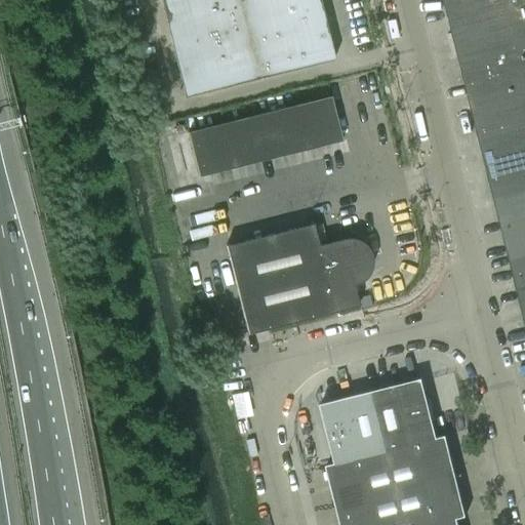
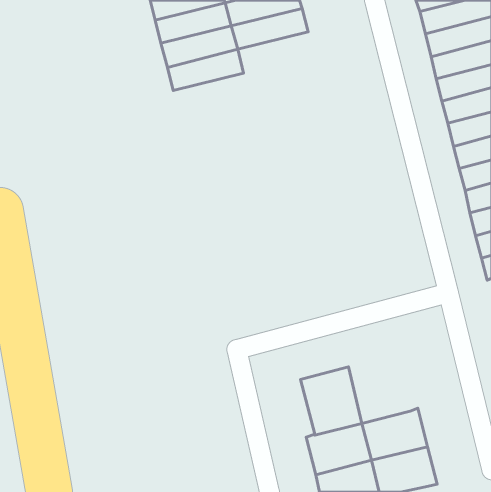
building: [254,34,335,78] -> none
building: [190,95,345,171] -> none
building: [227,224,372,333] -> none
building: [372,378,438,451] -> none

